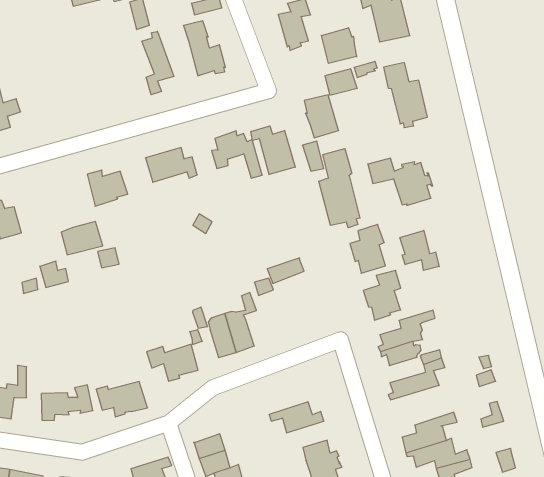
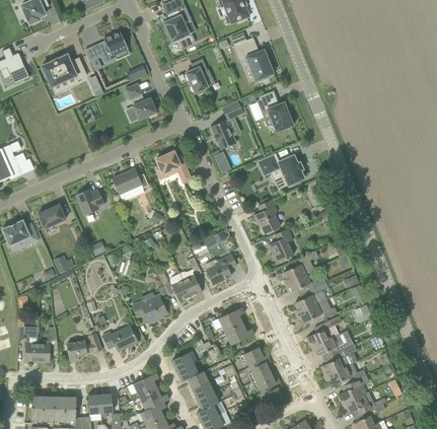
building: [321,28,357,63] -> none
building: [142,31,174,95] -> none
building: [251,126,295,175] -> none
building: [319,149,360,228] -> none
building: [61,222,103,255] -> [38,204,66,228]
building: [400,230,439,270] -> none
building: none -> [205,254,236,284]
building: none -> [216,306,244,335]
building: none -> [296,299,337,321]

